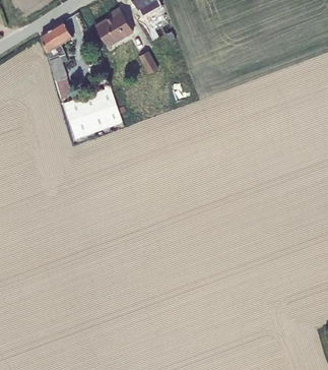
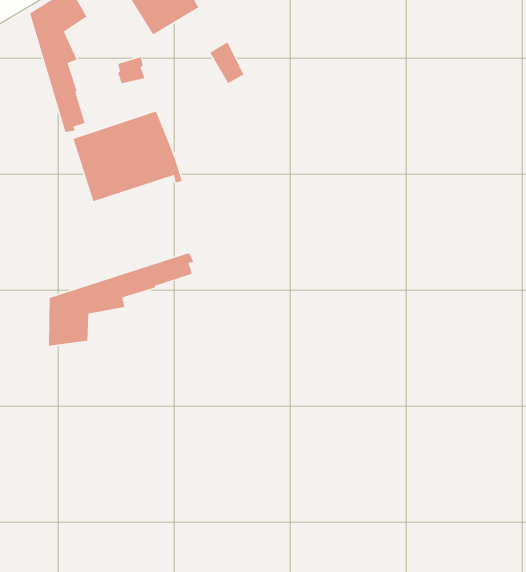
building: none -> [48,252,194,346]

